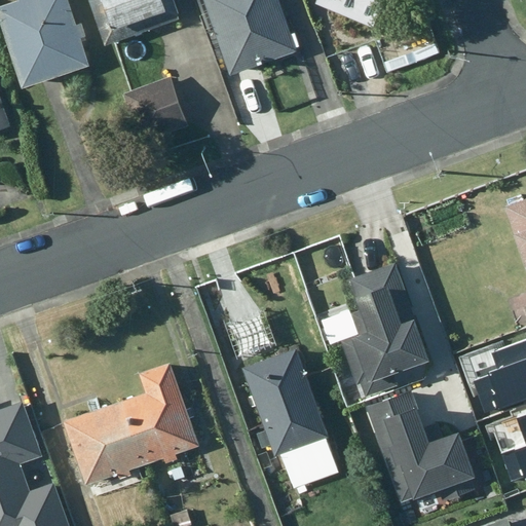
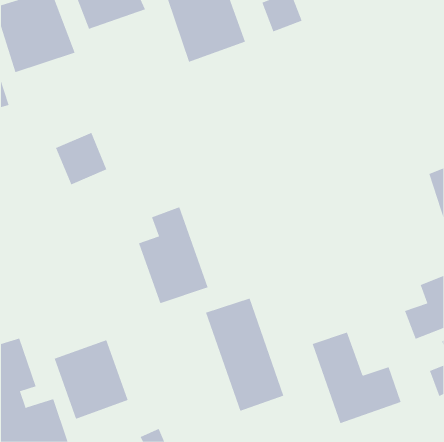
building: [120,77,182,140] -> [55,132,107,185]
building: [338,263,433,388] -> none
building: [126,359,210,474] -> [138,207,209,304]

